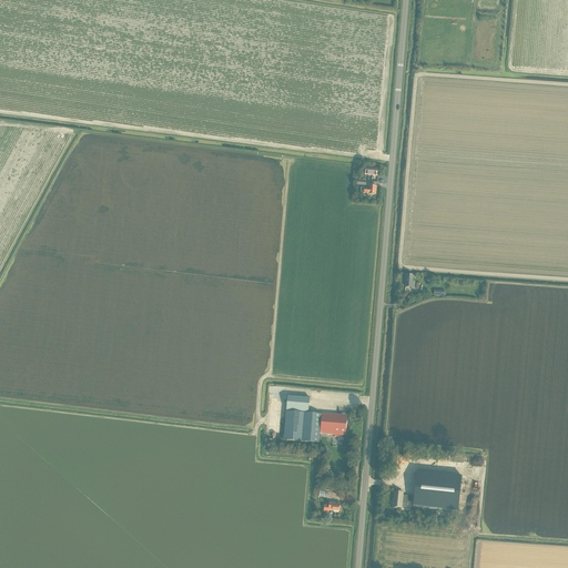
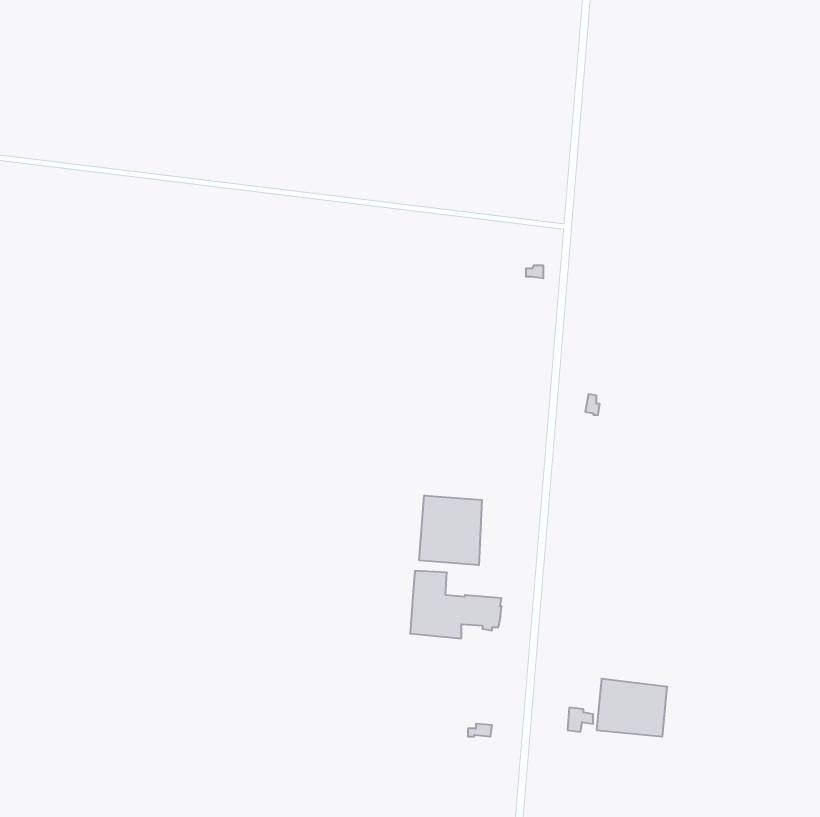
building: none -> [419,495,482,565]

